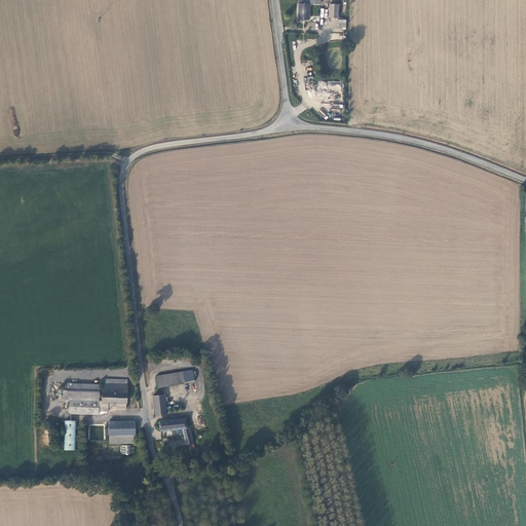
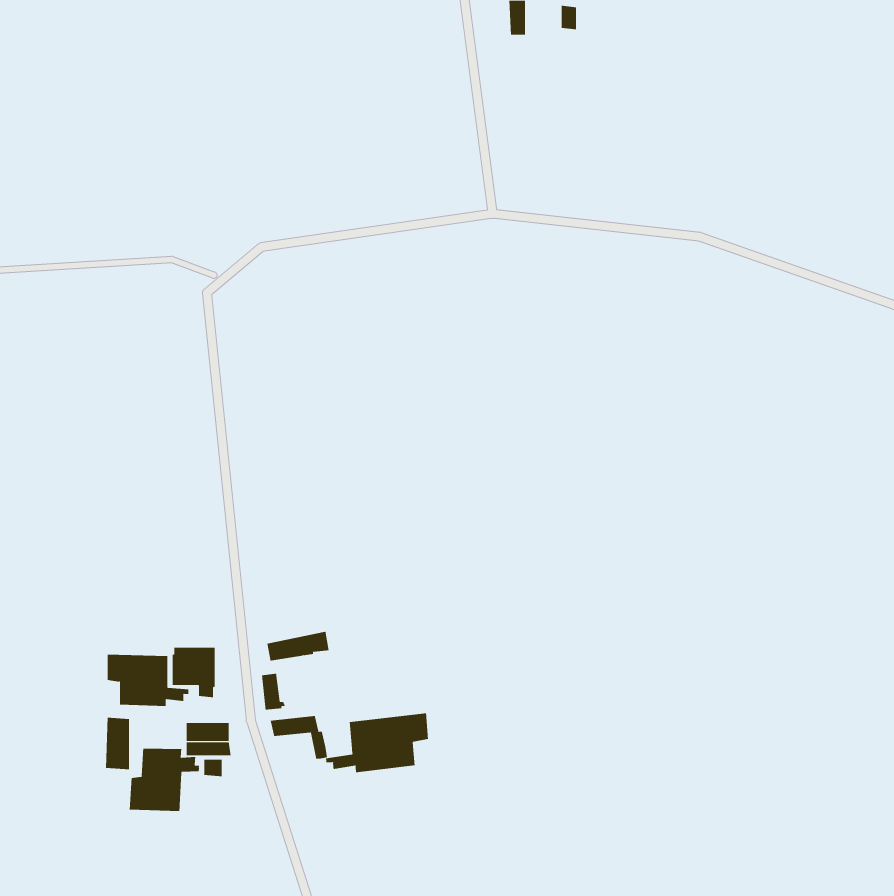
building: none -> [326,713,429,773]
building: none -> [129,748,200,812]

